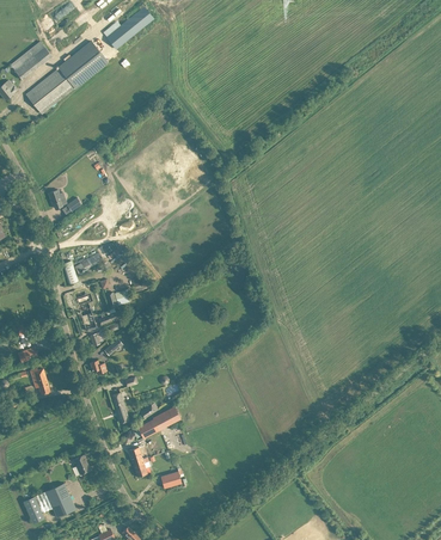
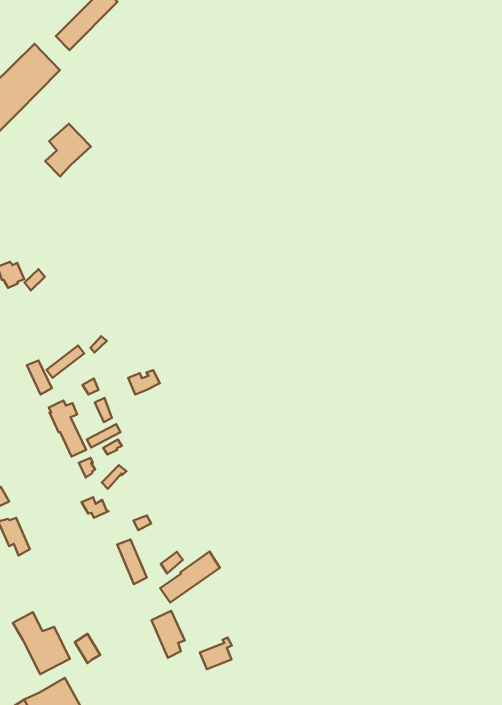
building: none -> [45,124,91,176]
building: none -> [13,612,70,674]

